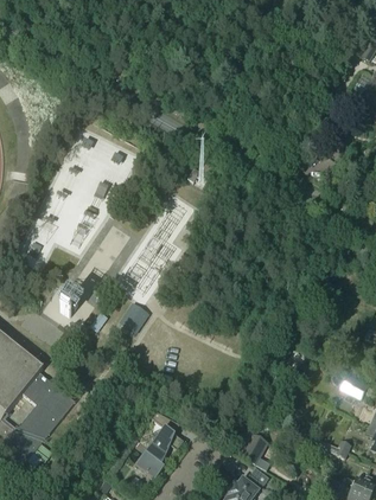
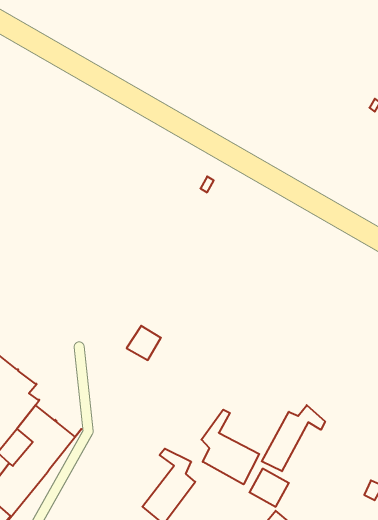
building: none -> [262,405,325,471]
building: none -> [201,410,259,484]

